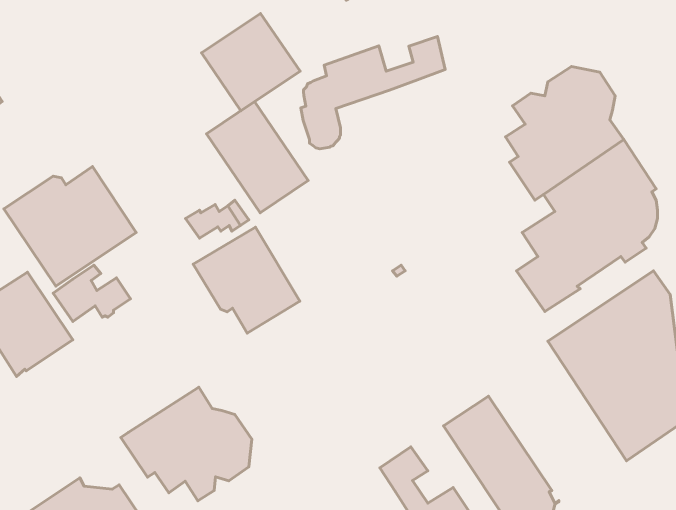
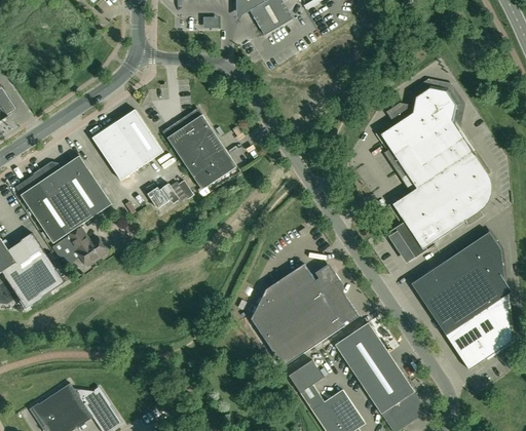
building: [201,13,300,111] -> [91,110,163,181]
building: [301,37,445,149] -> none
building: [193,227,300,333] -> none
building: none -> [251,264,359,367]
building: [121,387,252,501] -> none

